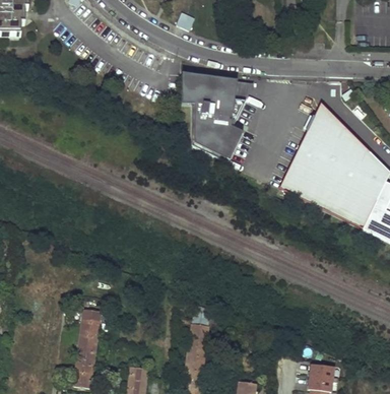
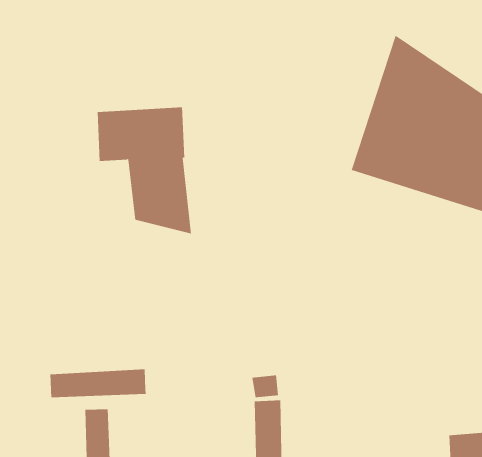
building: [181,72,240,159] -> [97,107,192,234]
building: none -> [50,369,146,398]

